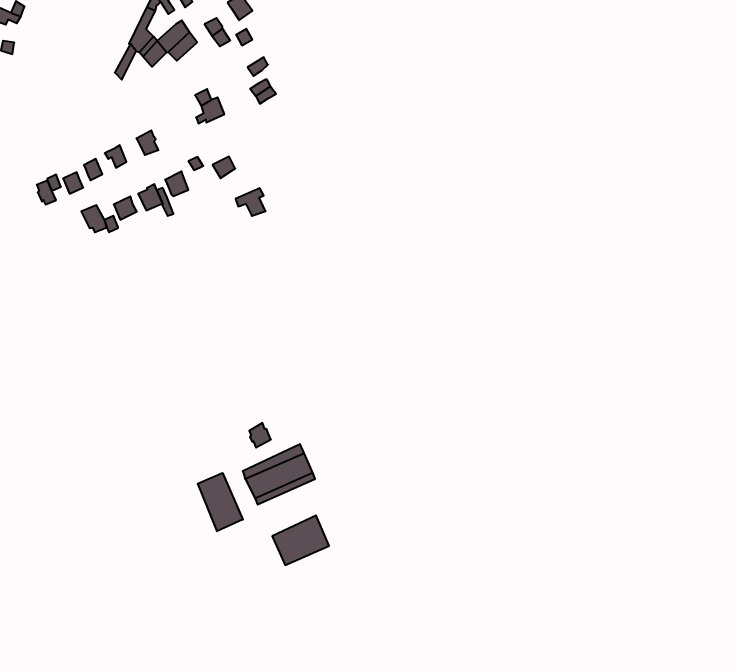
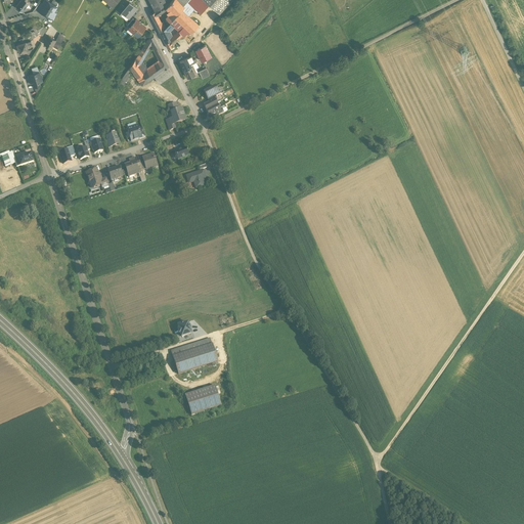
building: [198,473,243,531] -> none

